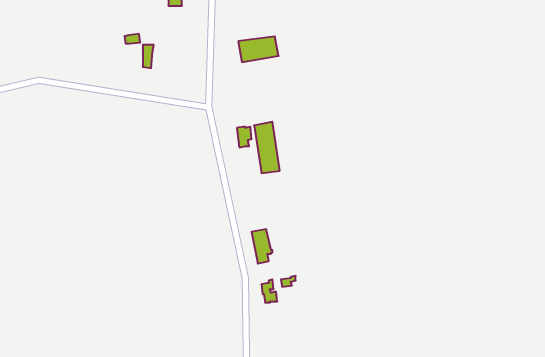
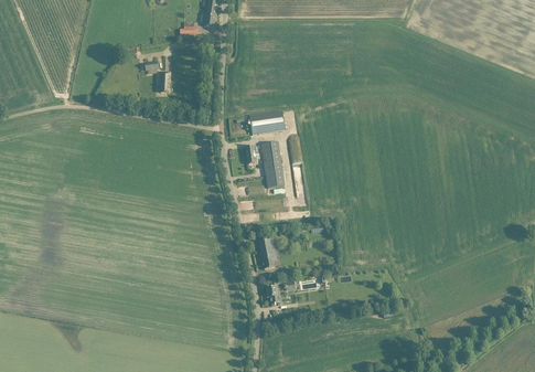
building: [238,36,279,62] -> [248,110,285,134]

